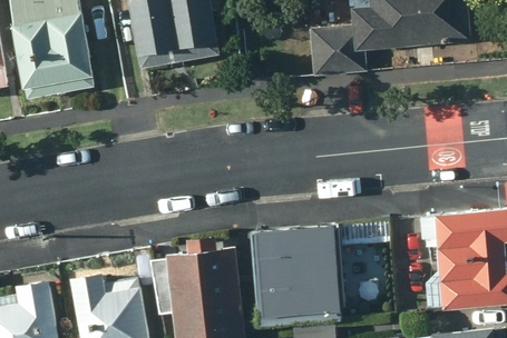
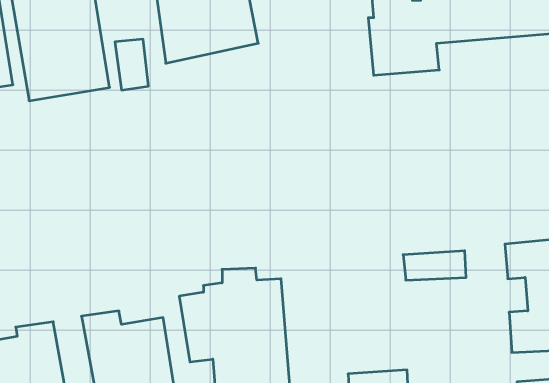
building: [252,226,340,325] -> none

